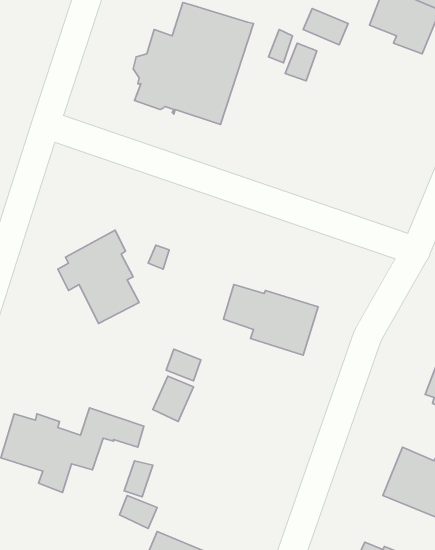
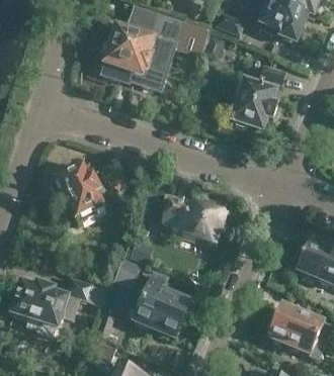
building: none -> [231,64,285,129]
building: none -> [133,273,190,337]

